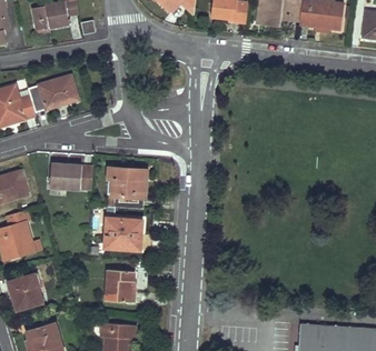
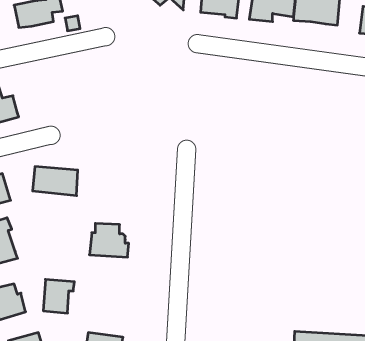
building: [28,77,78,113] -> none
building: [109,169,146,209] -> none
building: [106,271,136,303] -> [43,279,74,313]

